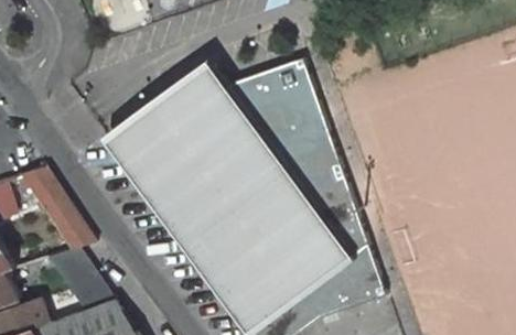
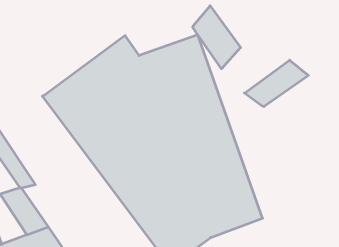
building: none -> [193,6,241,69]
building: none -> [244,60,308,107]

